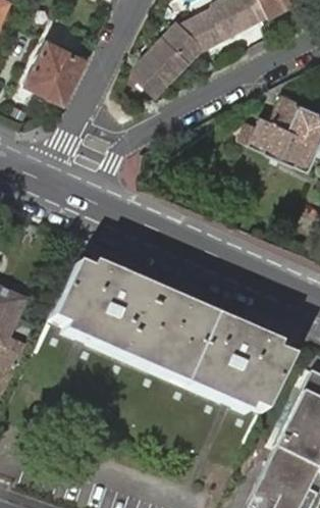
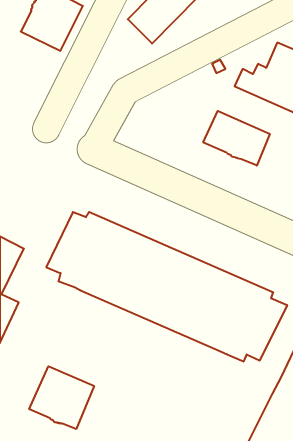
building: none -> [203,111,270,166]
building: none -> [29,366,94,429]

